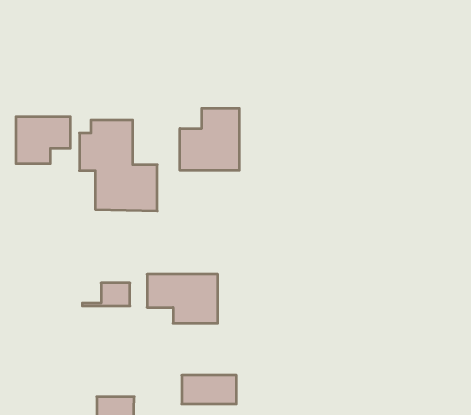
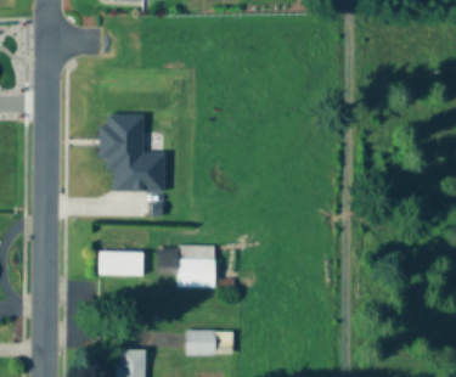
building: [180,108,239,170] -> none
building: [16,117,70,164] -> none

